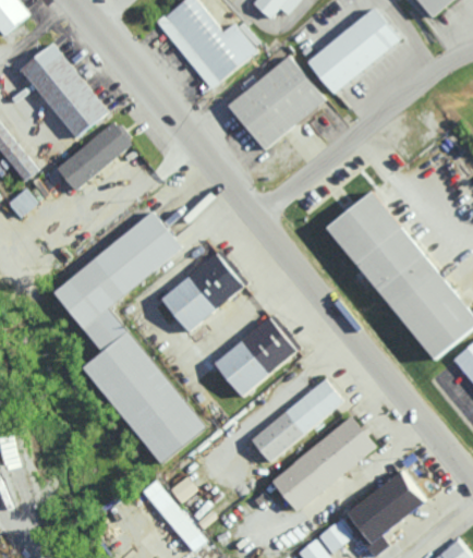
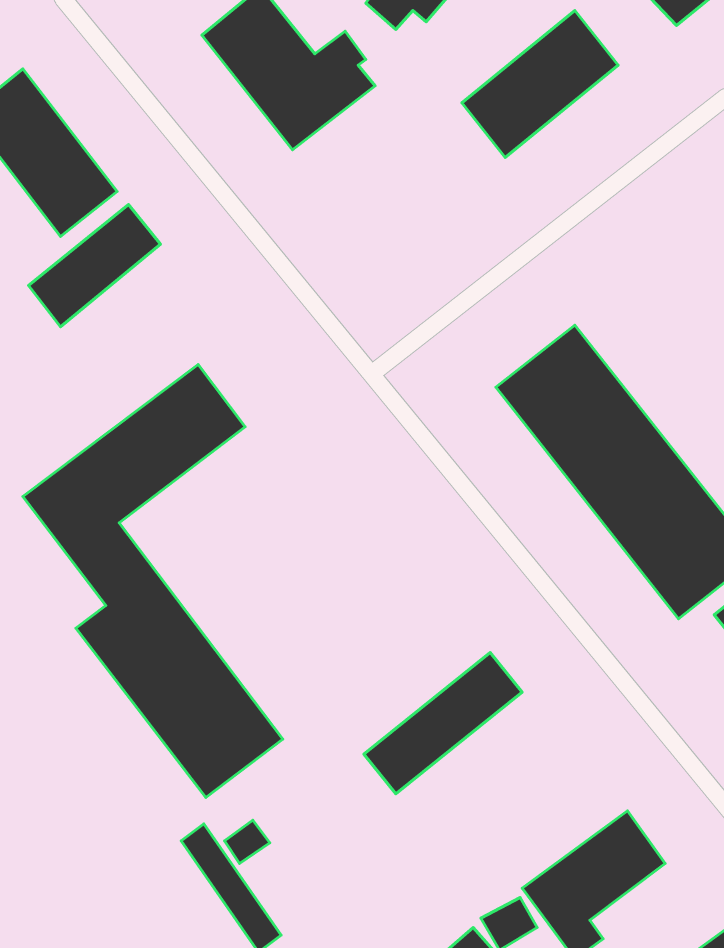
building: [227,56,325,148] -> none
building: [161,251,247,330] -> none
building: [215,314,301,396] -> none
building: [271,415,377,510] -> none

